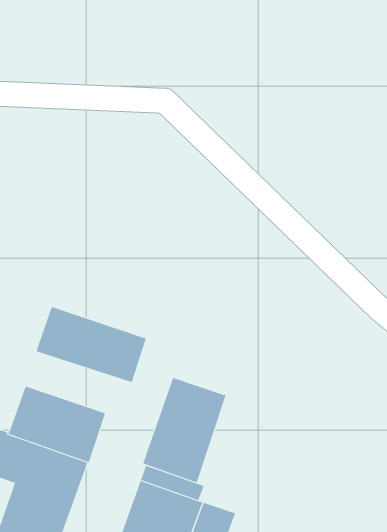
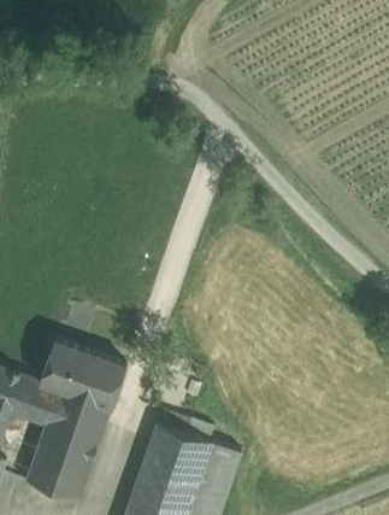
building: [36,306,146,383] -> none
building: [143,377,226,483] -> none

